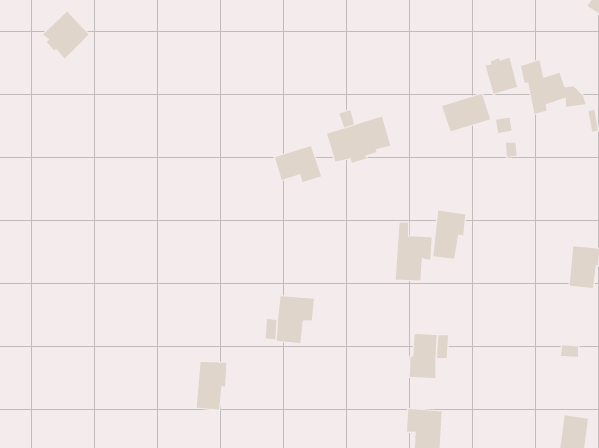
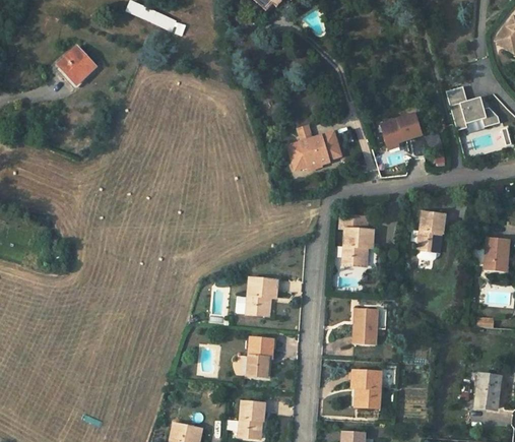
building: [485,57,518,95] -> none
building: [274,145,322,183] -> none
building: [432,210,466,259] -> [417,211,445,251]
building: [196,361,227,410] -> [247,337,272,377]

